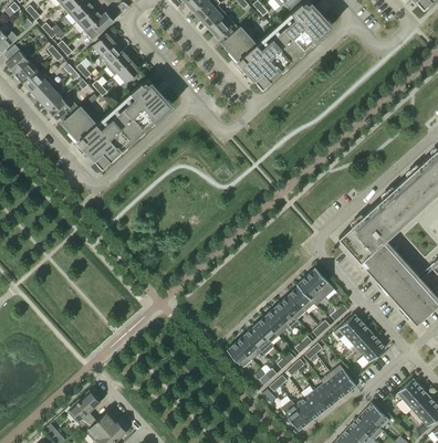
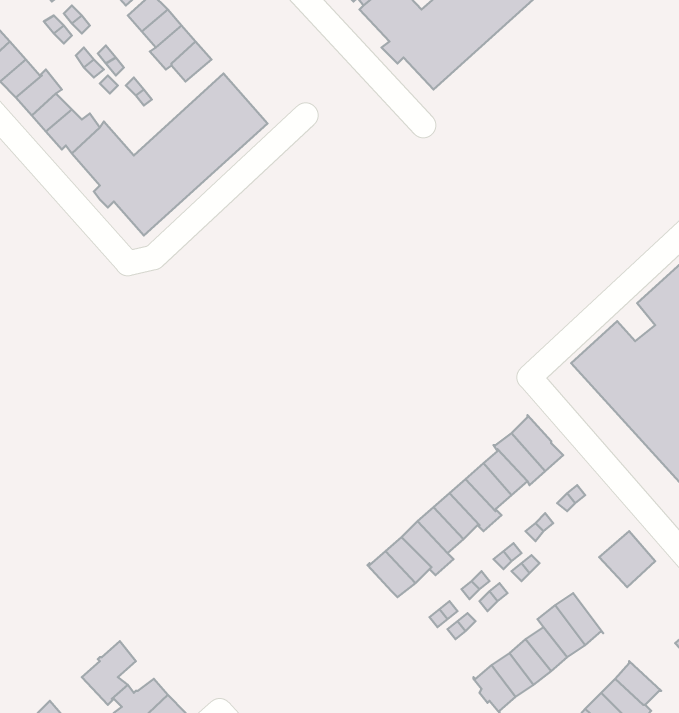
building: [334,313,371,349] -> none

